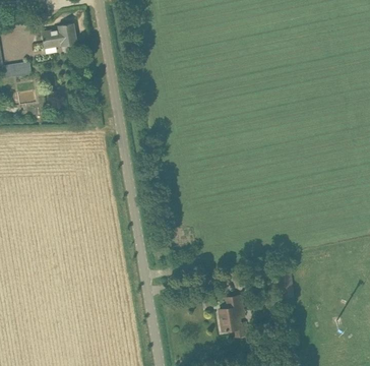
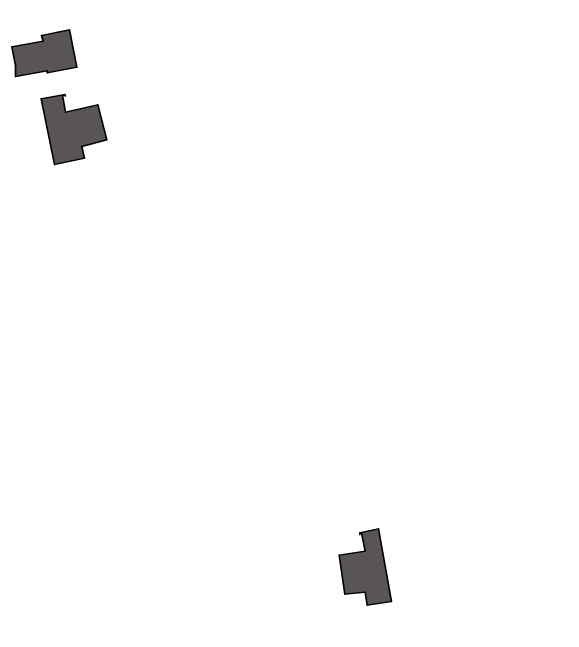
building: none -> [41,94,107,165]

